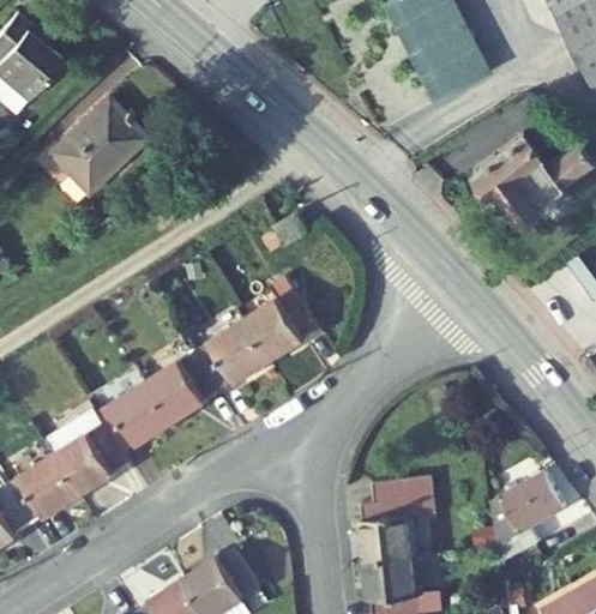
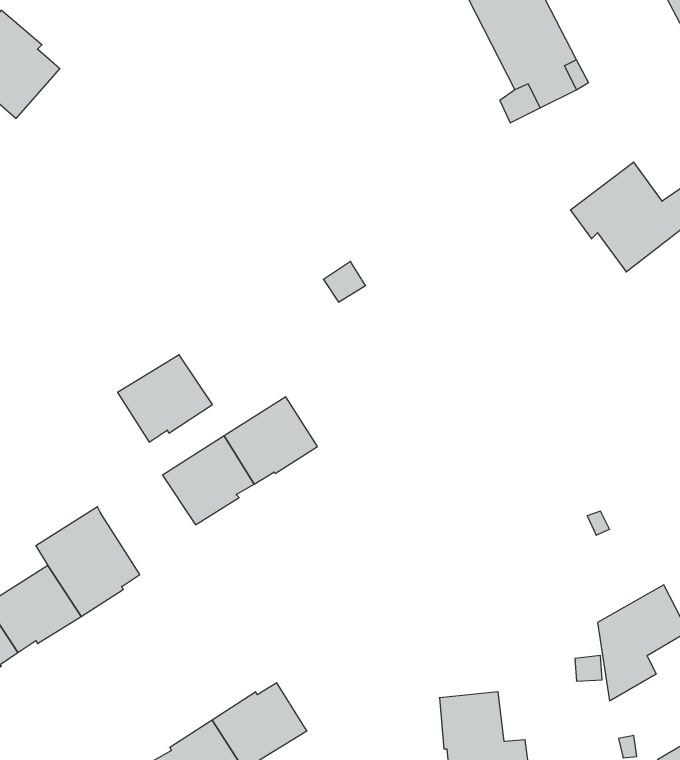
building: [50,97,146,188] -> none
building: [245,276,319,360] -> none
building: [97,383,173,452] -> [118,355,212,442]
building: [362,476,435,560] -> none

